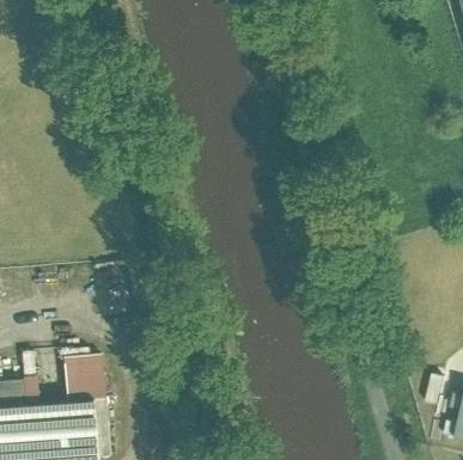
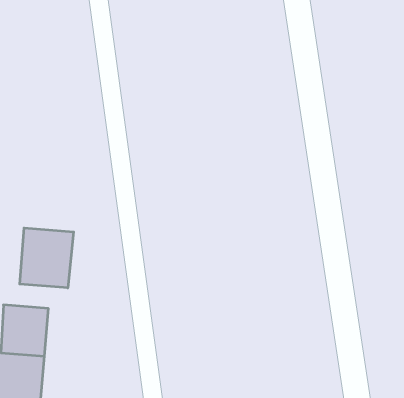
building: none -> [20,228,74,288]

